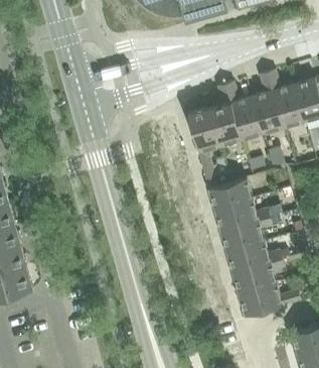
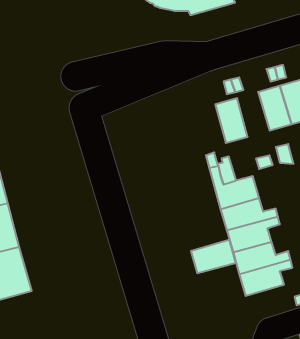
building: [229,96,261,139] -> none
building: [186,108,218,151] -> none
building: [237,282,281,315] -> [191,240,236,273]

